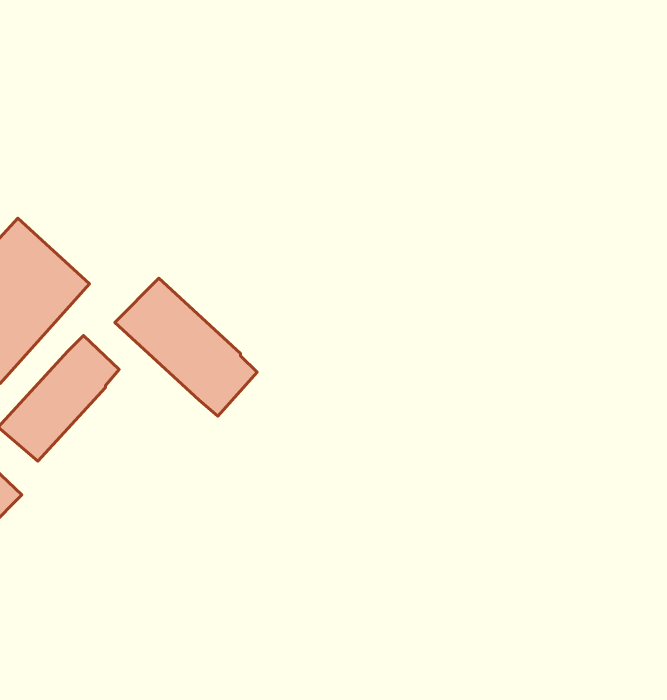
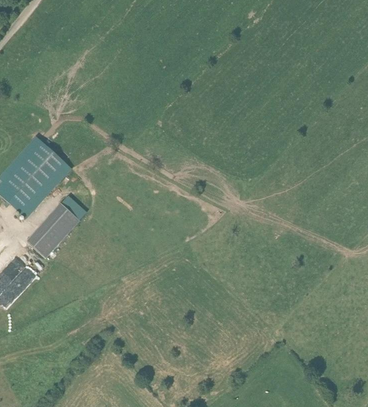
building: [115,278,257,416] -> none

